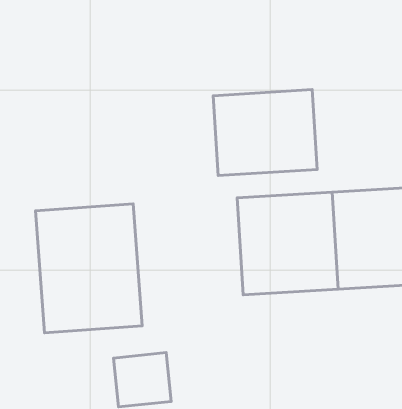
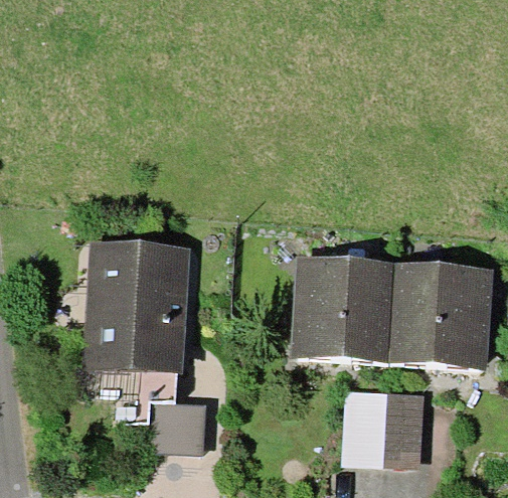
building: [213,90,317,175] -> none
building: none -> [341,390,422,469]

